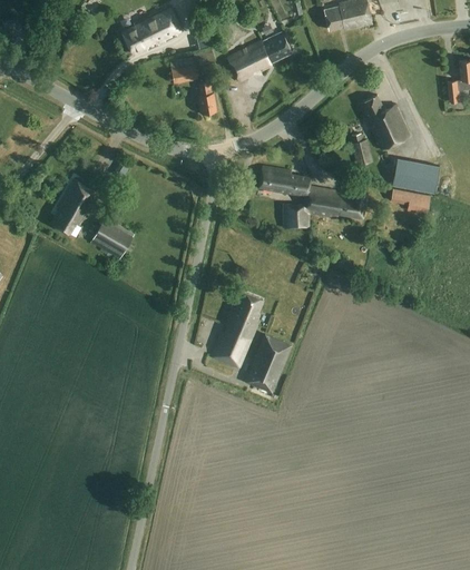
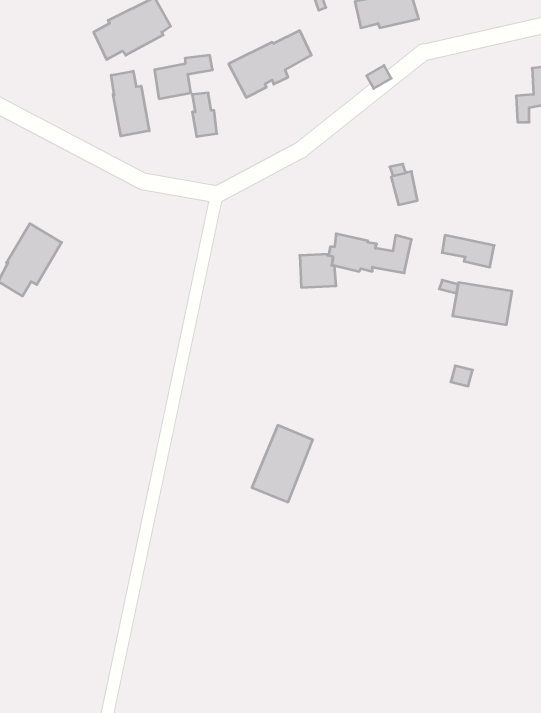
building: none -> [111,71,149,136]
building: [361,94,408,148] -> none
building: [392,160,438,193] -> [453,283,512,325]
building: [257,165,309,197] -> none
building: [91,217,135,262] -> none
building: [212,292,262,367] -> none

